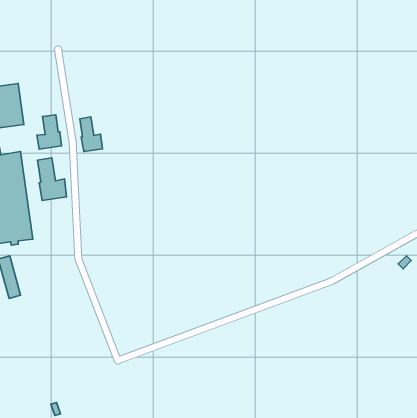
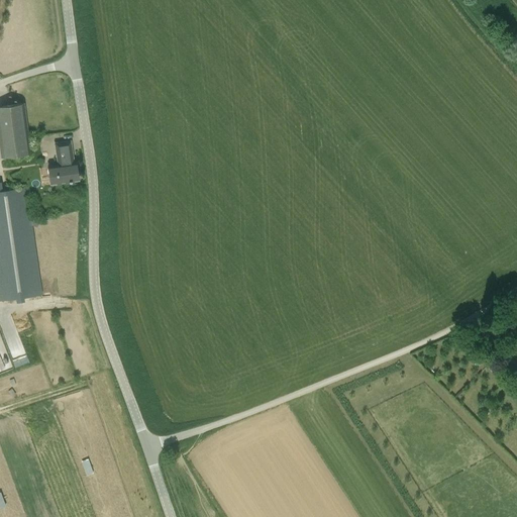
building: [80,117,102,152] -> none
building: [37,158,67,201] -> none

